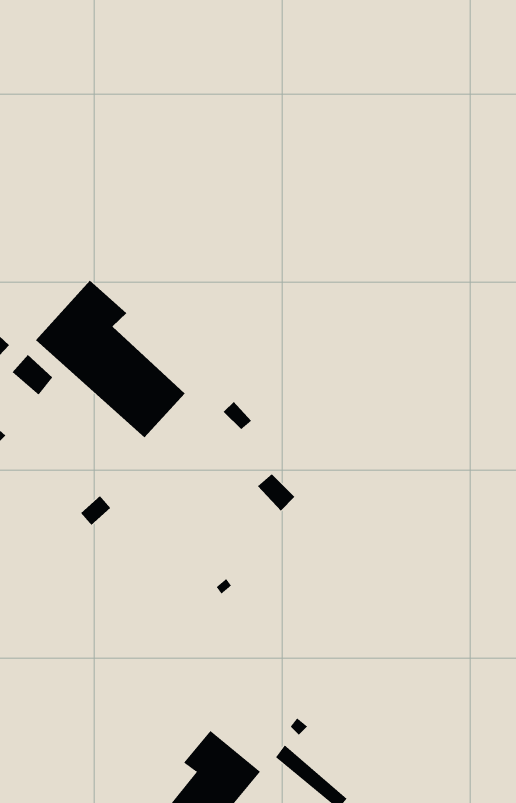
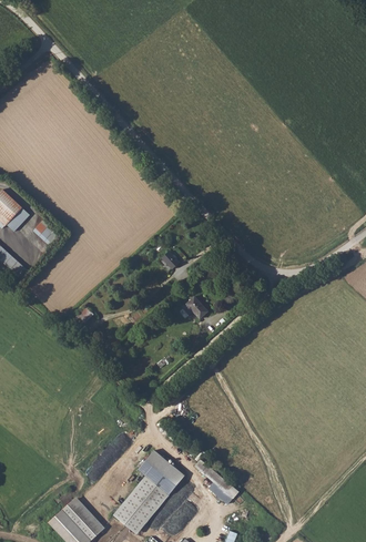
building: [35,280,185,438] -> none

